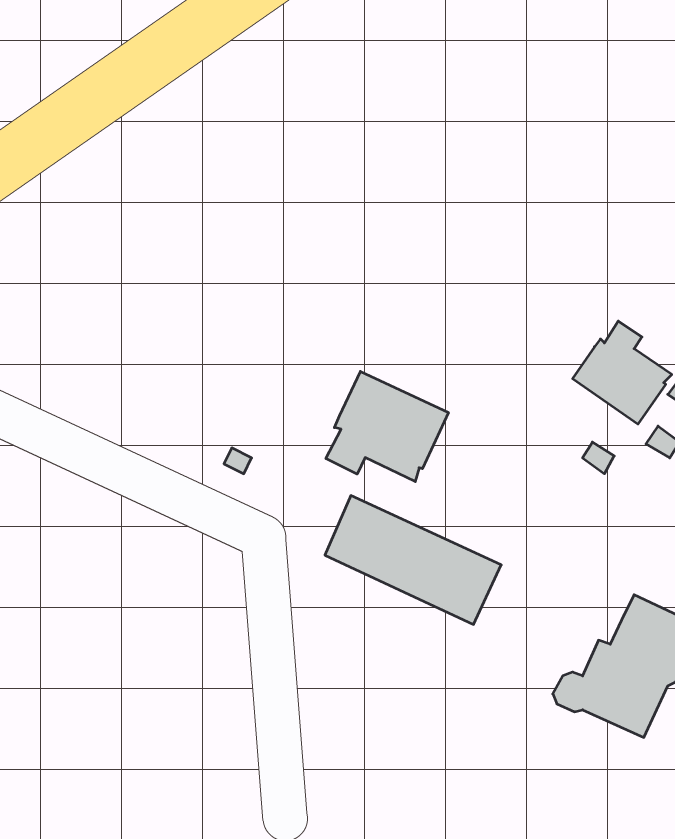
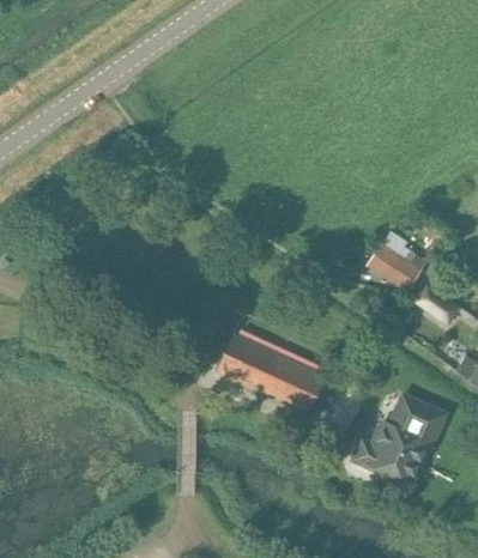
building: [326,371,448,482] -> none

